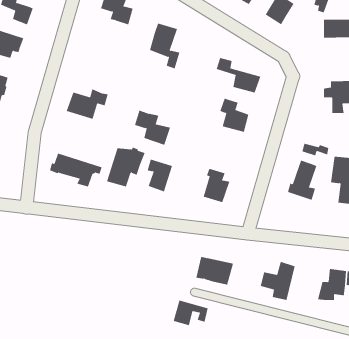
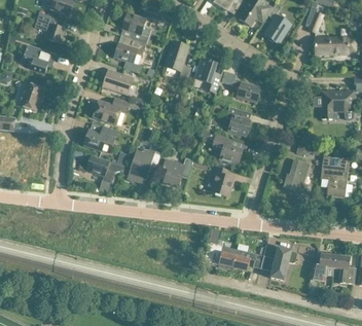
building: none -> [113,38,147,63]
building: none -> [194,58,220,92]
building: none -> [103,68,133,94]
building: [134,110,171,145] -> [211,133,243,164]
building: none -> [83,125,116,150]
building: [173,300,209,326] -> [232,248,263,270]

